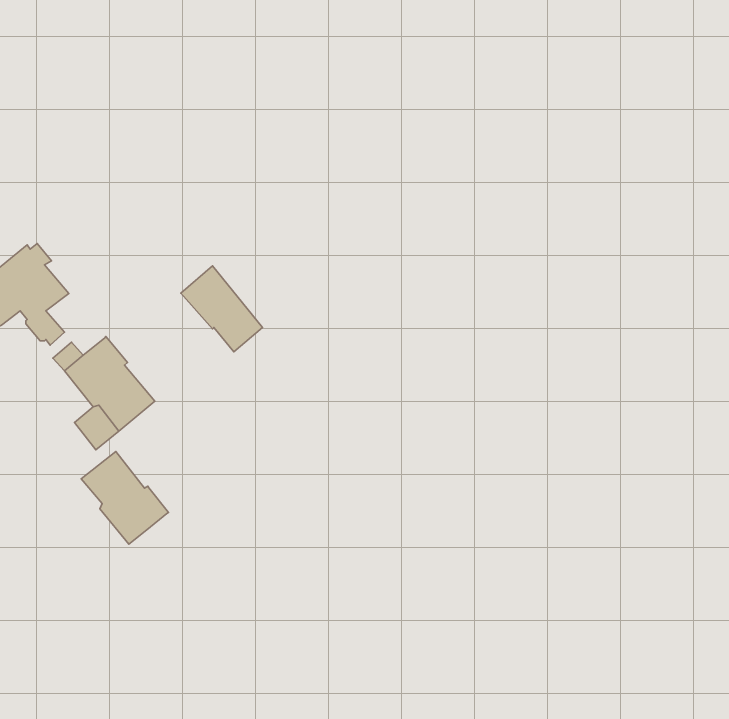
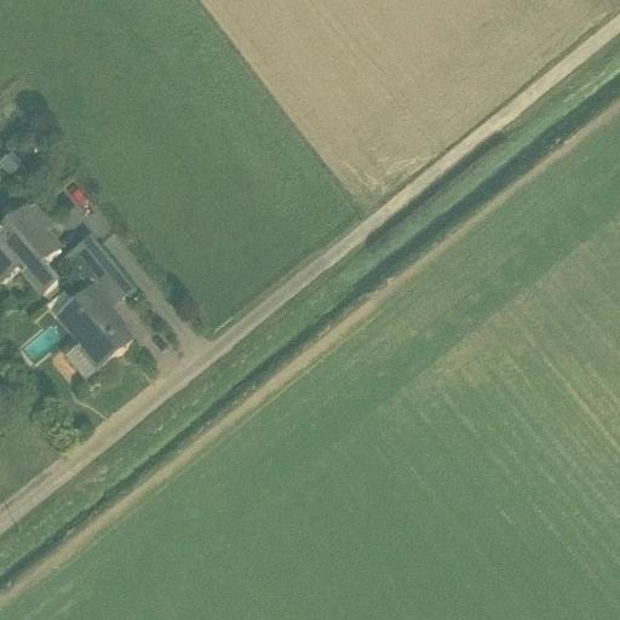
building: [181,266,263,352] -> [62,232,131,305]
building: [81,452,168,544] -> none

